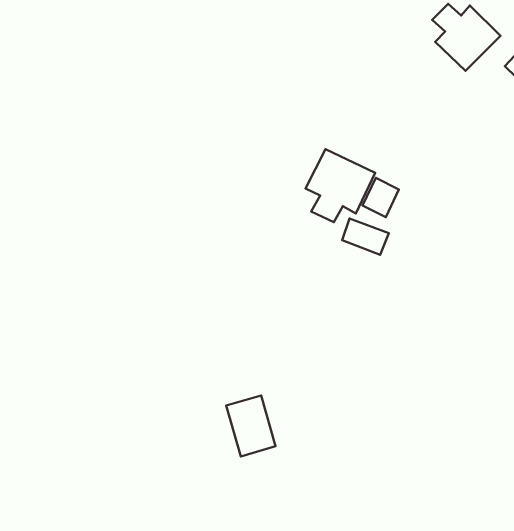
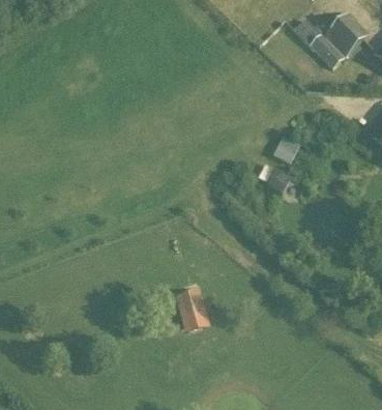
building: none -> [295,17,346,67]
building: [306,149,375,222] -> none

